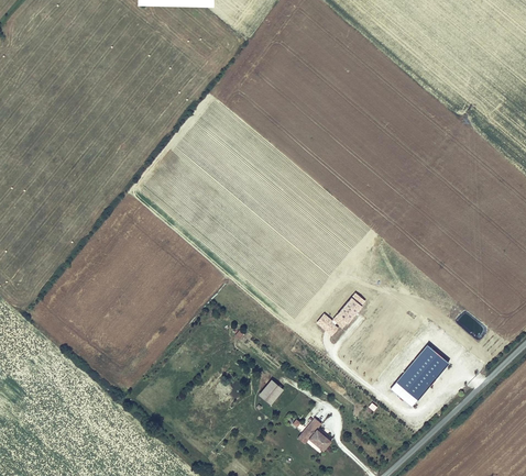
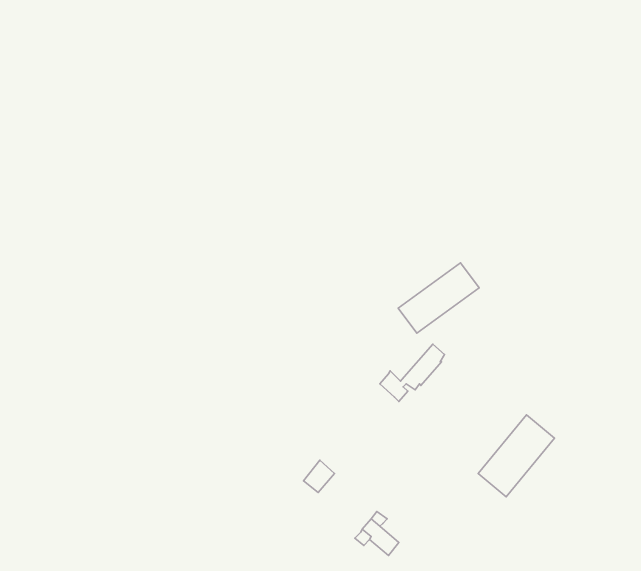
building: none -> [398,263,479,333]

